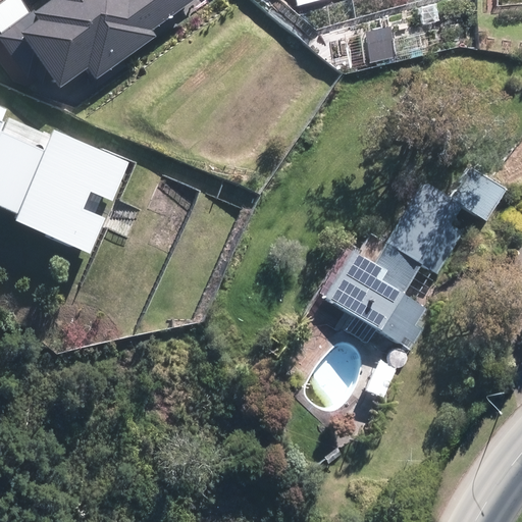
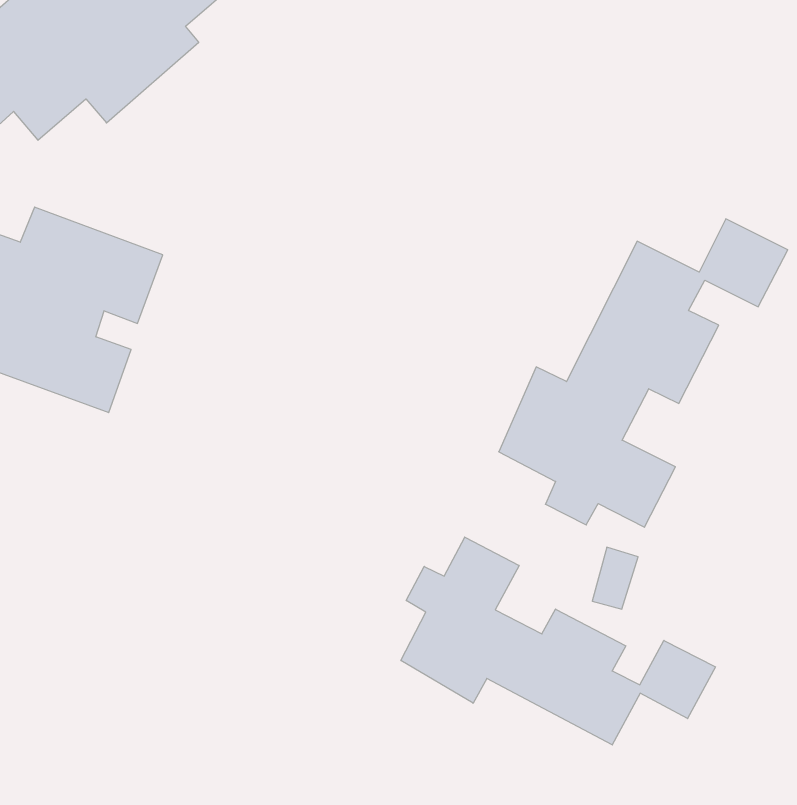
building: none -> [401,537,715,745]

